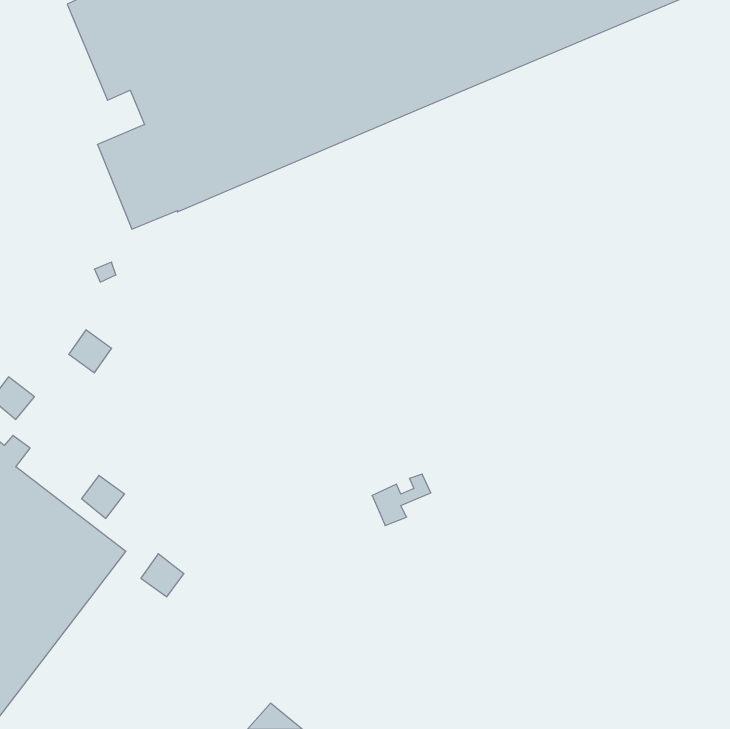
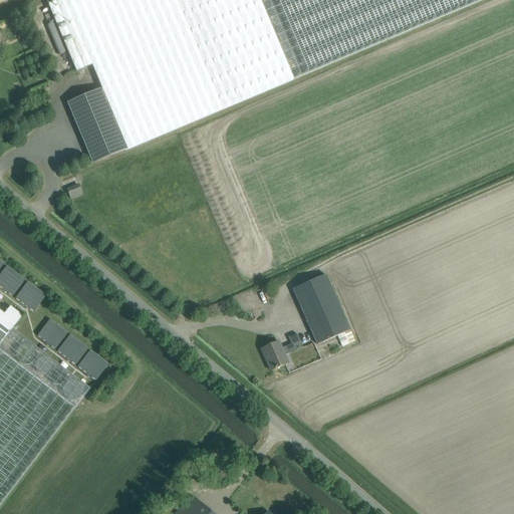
building: [69,330,112,373] -> [15,280,45,310]
building: none -> [292,273,354,345]
building: none -> [36,317,67,347]
building: [141,554,184,597] -> [77,348,107,378]

